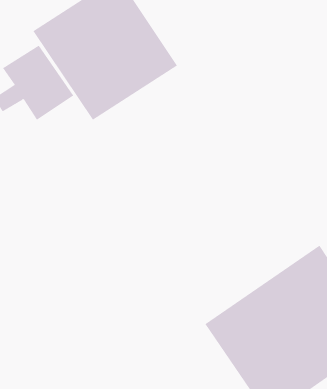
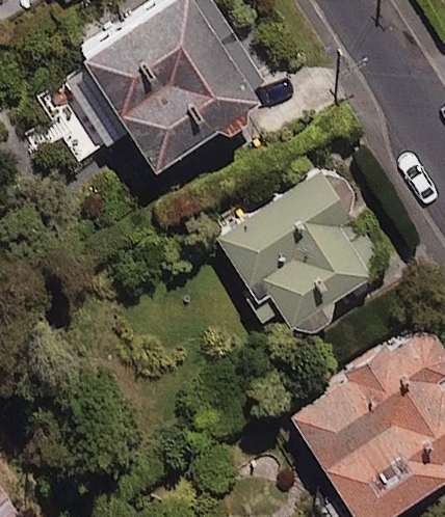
building: none -> [217,171,387,343]

